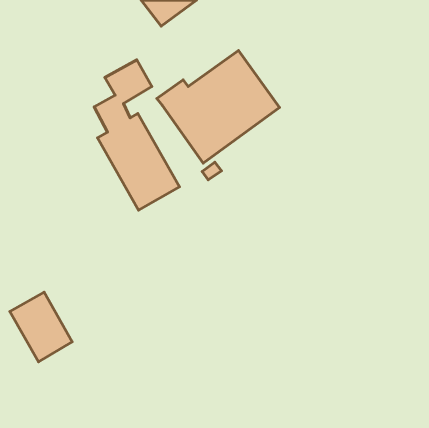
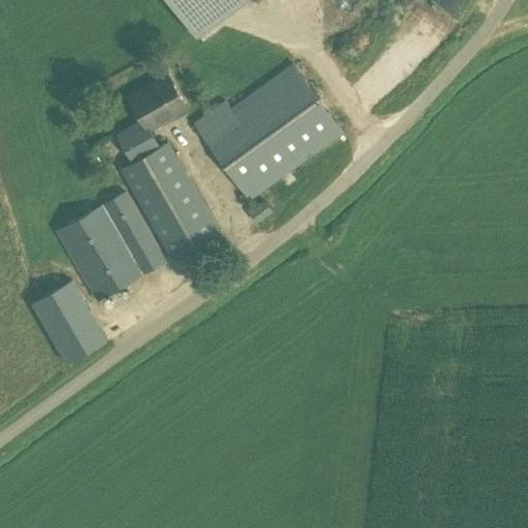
building: none -> [56,191,167,303]
building: [10,292,72,362] -> [32,280,108,366]

